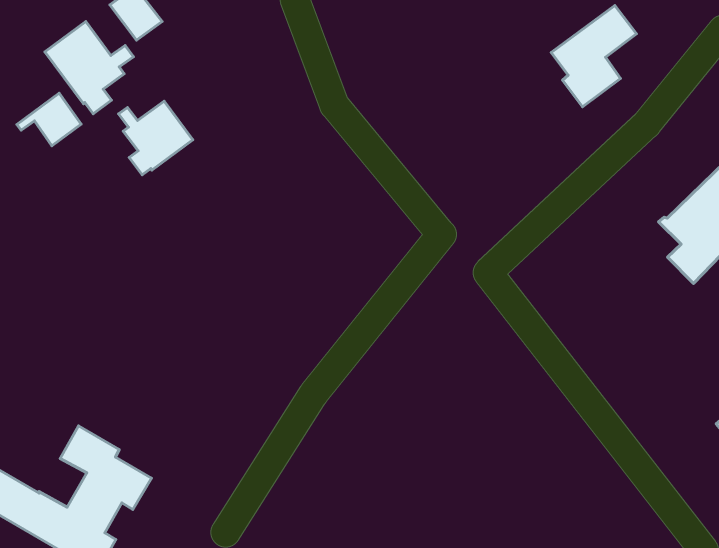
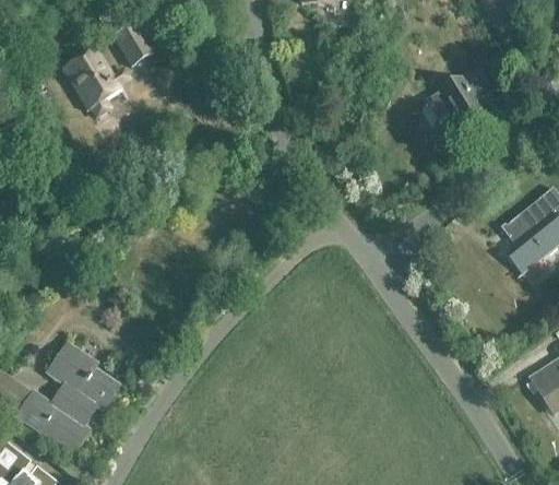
building: [17,93,81,146] -> none
building: [119,101,193,175] -> none

